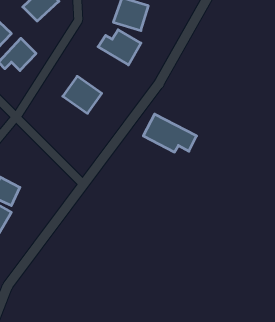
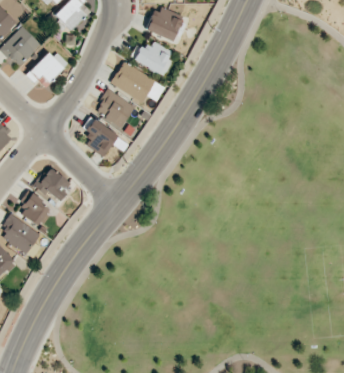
building: none -> [85,118,118,157]
building: [143,114,197,152] -> [110,62,166,102]
building: none -> [34,167,72,201]

